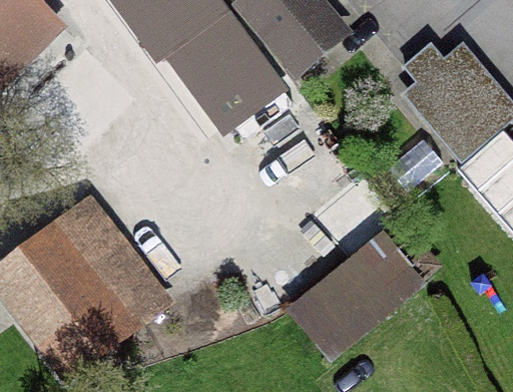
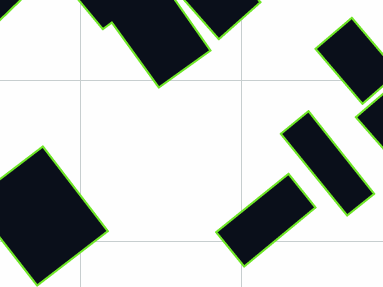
building: none -> [281,111,374,216]

